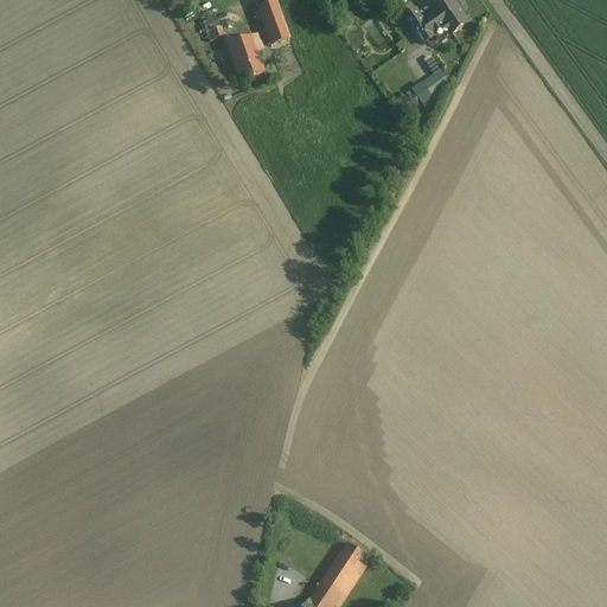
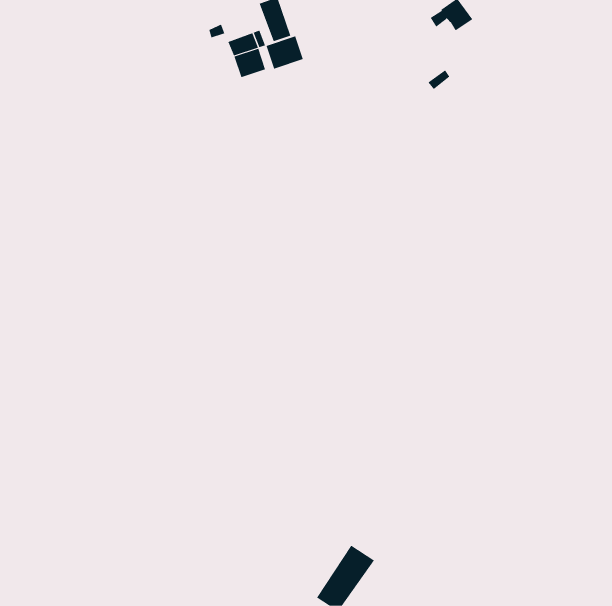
building: [404,6,446,40] -> none
building: none -> [266,36,304,69]

